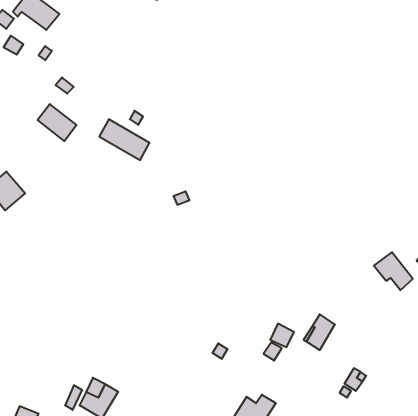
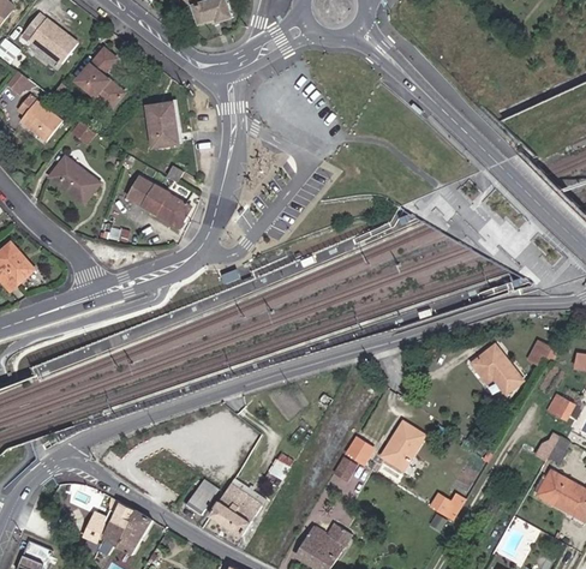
building: none -> [76,49,124,109]
building: none -> [16,94,61,140]
building: none -> [146,102,179,148]
building: none -> [186,479,219,515]
building: none -> [210,480,263,534]

